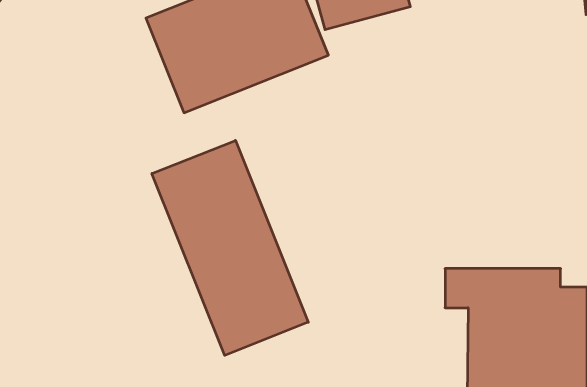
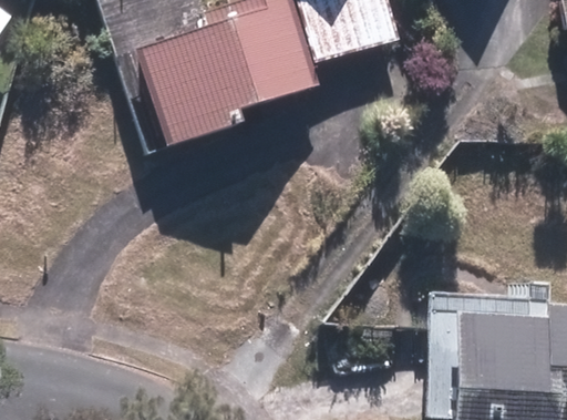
building: [152,140,308,355] -> none

